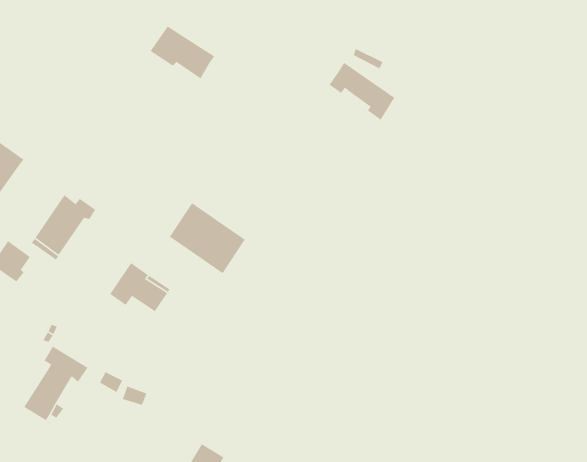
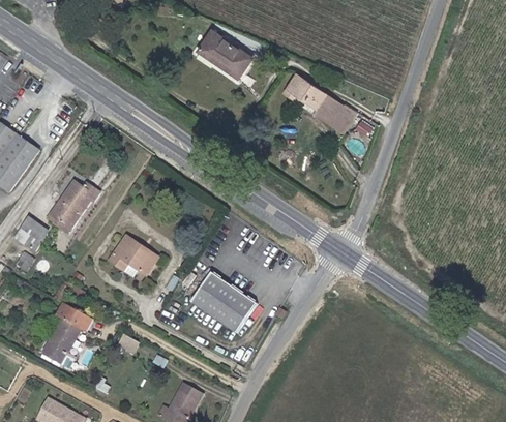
building: [150,25,215,79] -> [197,31,249,74]
building: none -> [328,101,359,134]
building: [169,202,246,274] -> [192,275,255,333]

